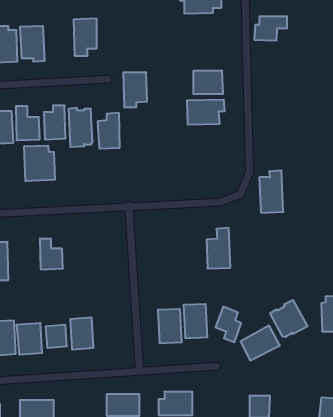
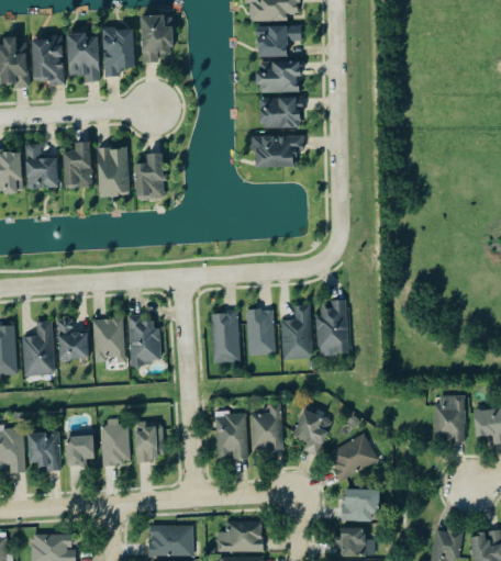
building: [254,17,287,41] -> [258,25,302,57]
building: none -> [67,32,100,82]
building: none -> [259,61,301,92]
building: [123,72,147,107] -> [142,15,174,61]
building: [24,146,55,181] -> none
building: [259,171,283,213] -> [315,300,347,356]
building: none -> [245,310,275,356]
building: none -> [210,311,240,363]
building: none -> [130,315,166,363]
building: none -> [91,316,124,363]
building: none -> [23,321,55,375]
building: [270,300,307,337] -> none
building: none -> [134,425,157,463]
building: none -> [341,490,379,523]

